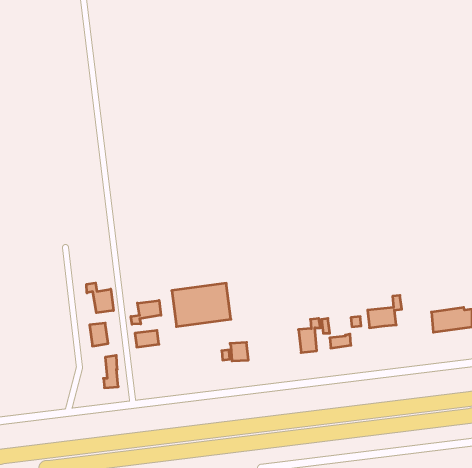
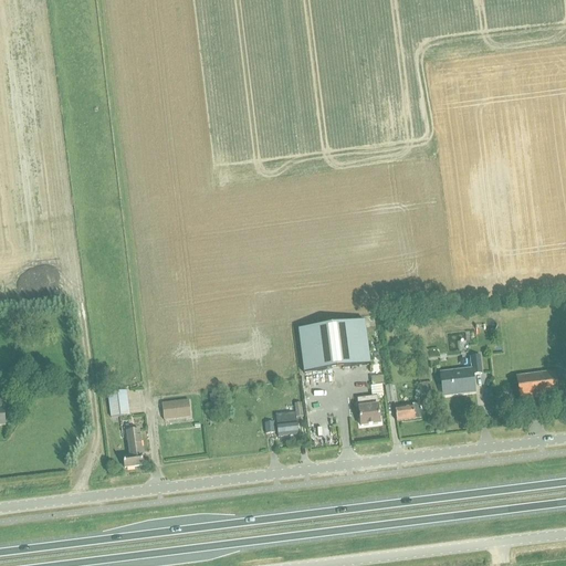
building: [87,283,113,313] -> none
building: [172,283,231,327] -> [298,317,369,369]
building: [131,300,161,324] -> none

